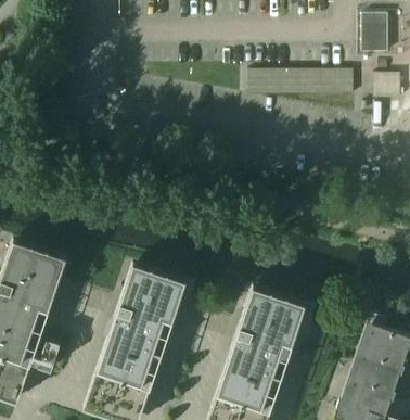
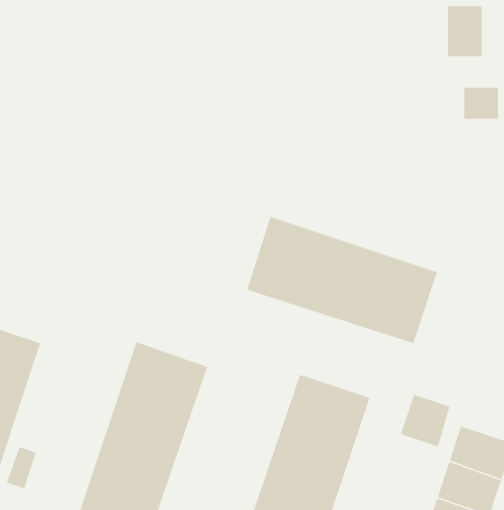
building: [247,67,353,96] -> none
building: none -> [246,216,438,344]
building: none -> [400,394,451,448]

